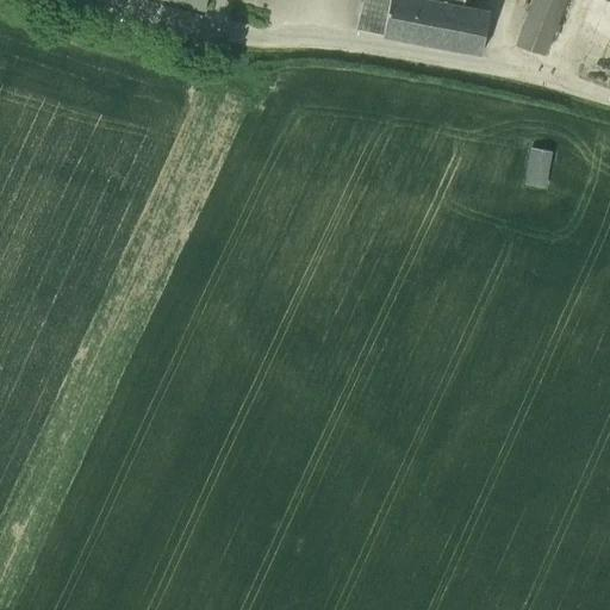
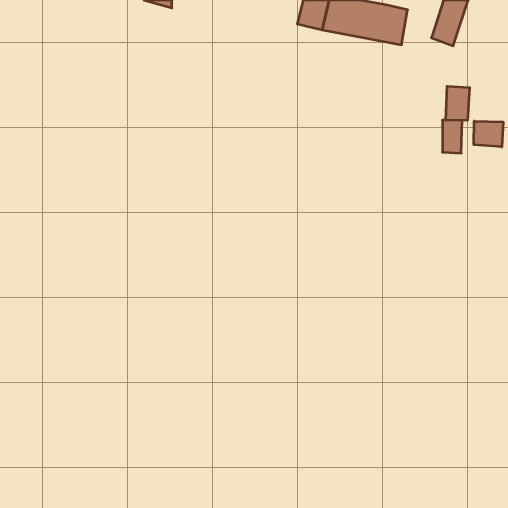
building: none -> [446,86,470,120]
building: none -> [474,121,503,147]

